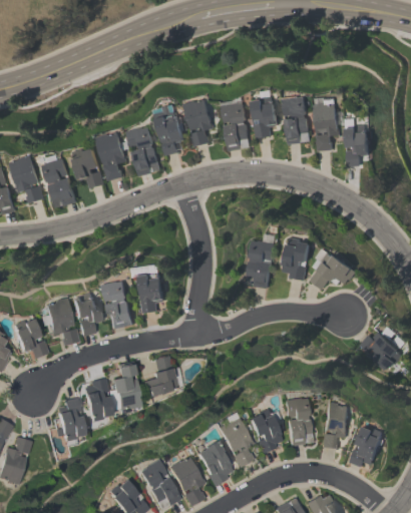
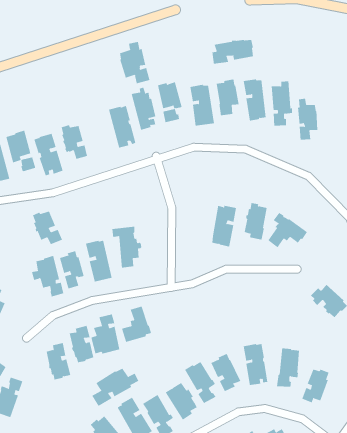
building: none -> [212,39,254,65]
building: none -> [119,41,150,84]
building: [96,132,127,180] -> none
building: [12,320,47,359] -> [32,211,63,245]
building: none -> [92,368,139,407]

